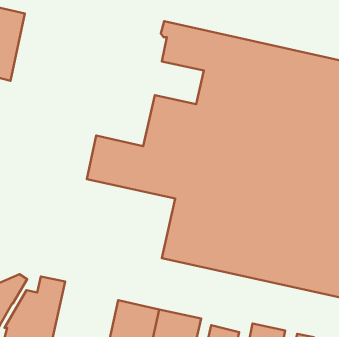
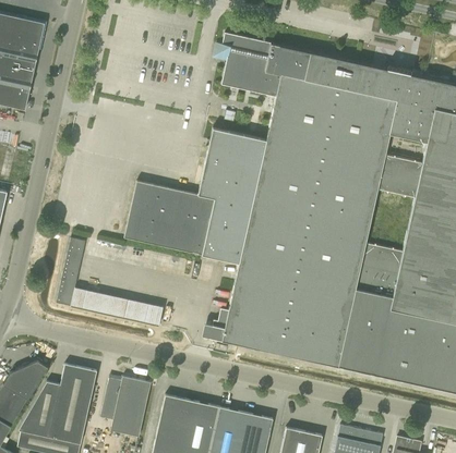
building: none -> [56,238,163,327]
building: none -> [99,377,151,438]

